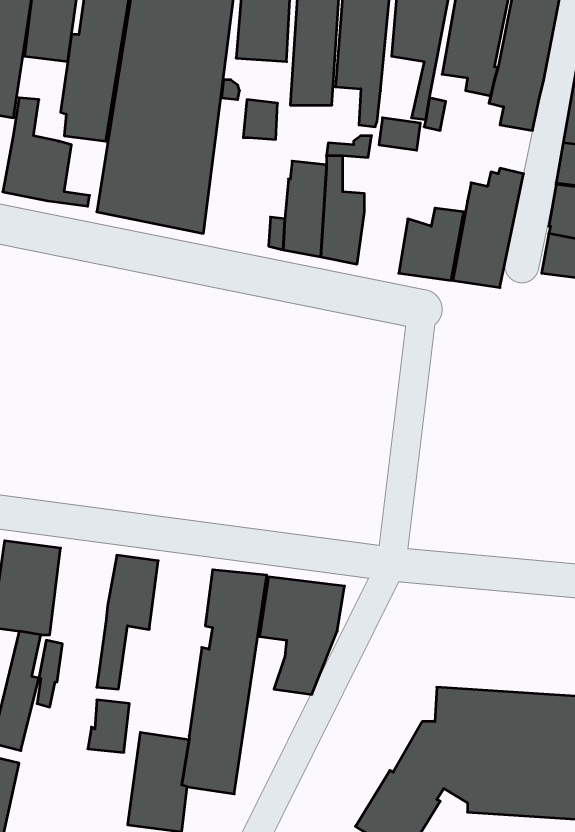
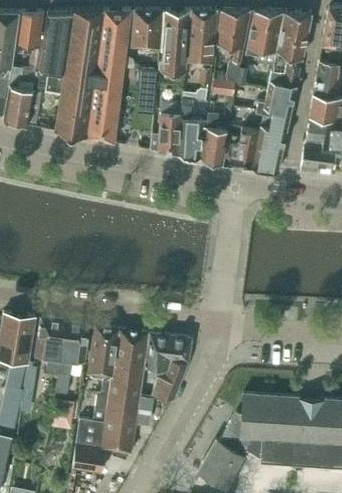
building: none -> [256,72,296,118]
building: none -> [202,114,227,166]
building: none -> [36,319,66,376]
building: none -> [88,326,119,422]

